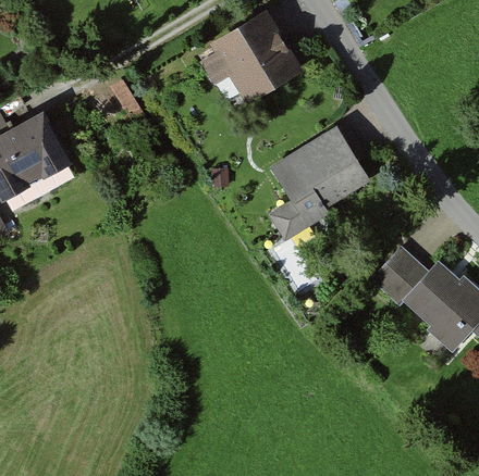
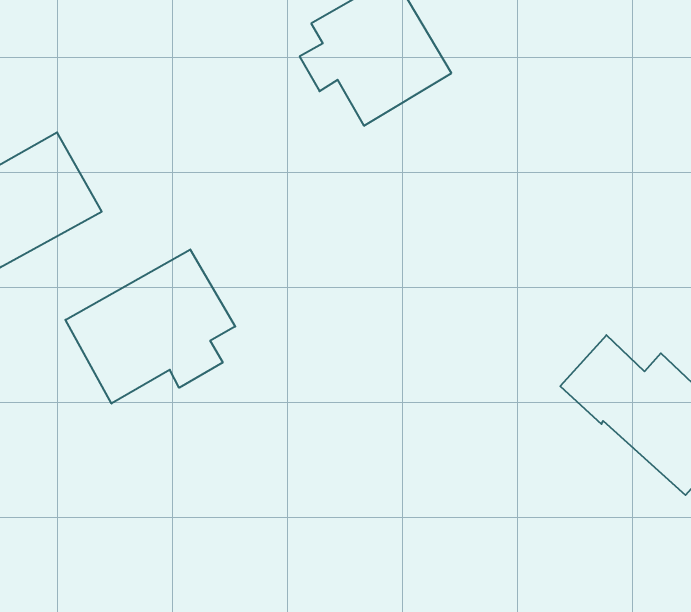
building: [270,129,369,231] -> none
building: none -> [65,249,235,404]

